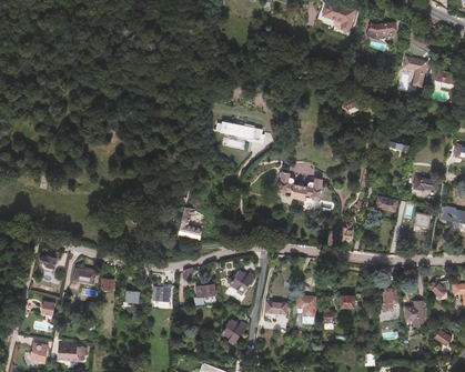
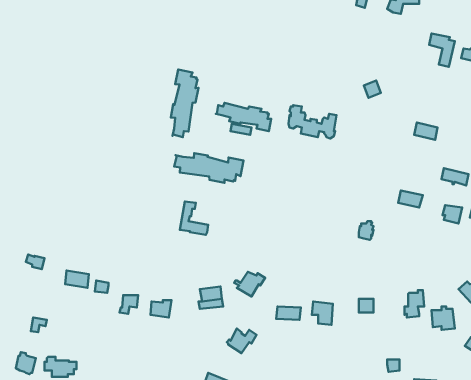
building: none -> [171,70,199,137]
building: none -> [174,153,244,183]
building: [279,168,322,198] -> [288,105,336,138]

